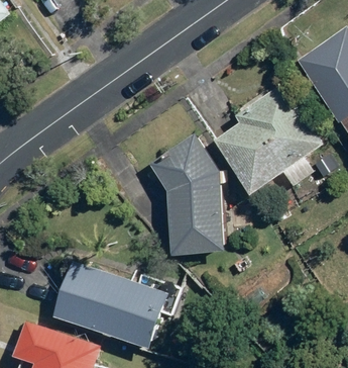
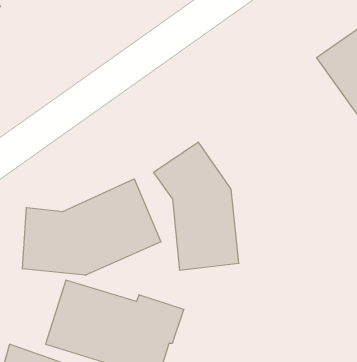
building: [215,79,326,195] -> none
building: none -> [22,179,161,275]

